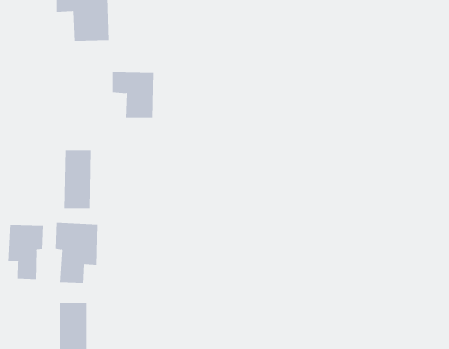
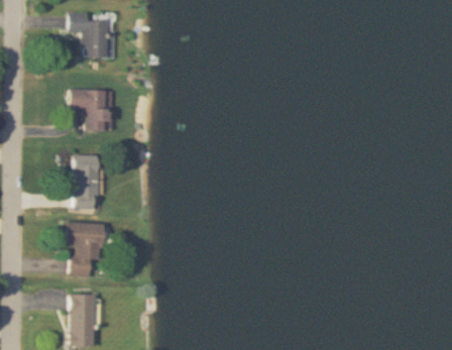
building: [112,71,154,118] -> [71,88,109,130]
building: [8,224,43,280] -> none

